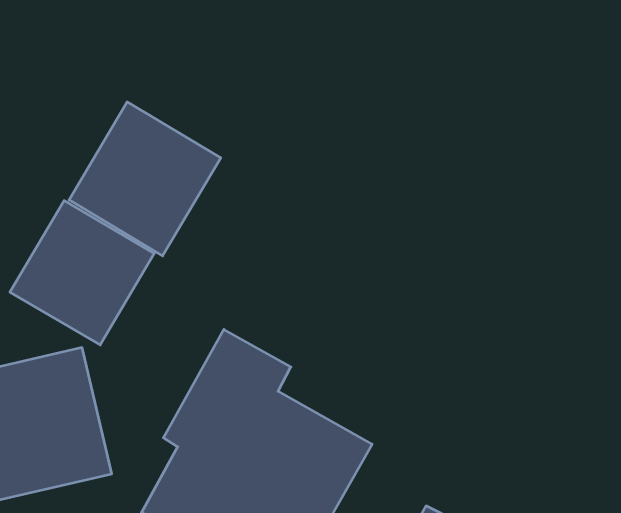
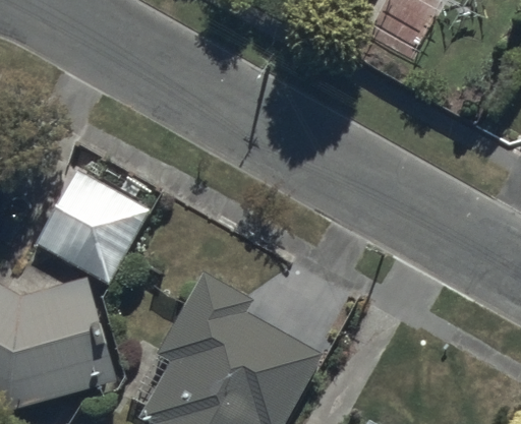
building: [69,102,221,256] -> none

